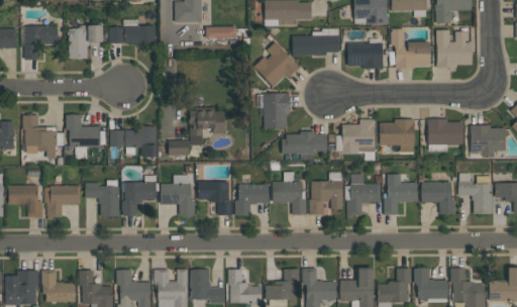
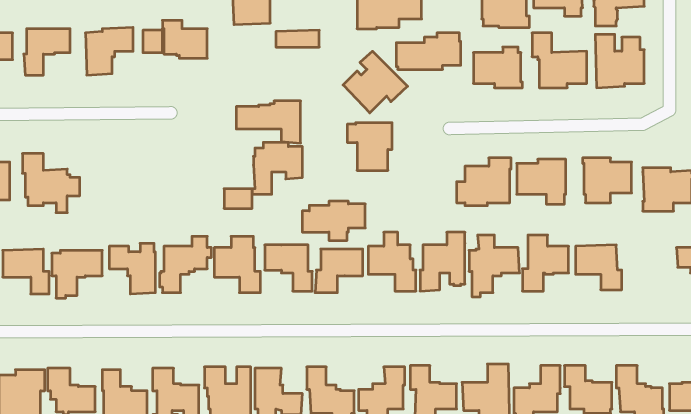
building: [67,114,100,159] -> none
building: [110,126,157,157] -> [236,101,301,143]
building: [282,131,327,160] -> [302,201,365,240]
building: [458,173,493,213] -> none

